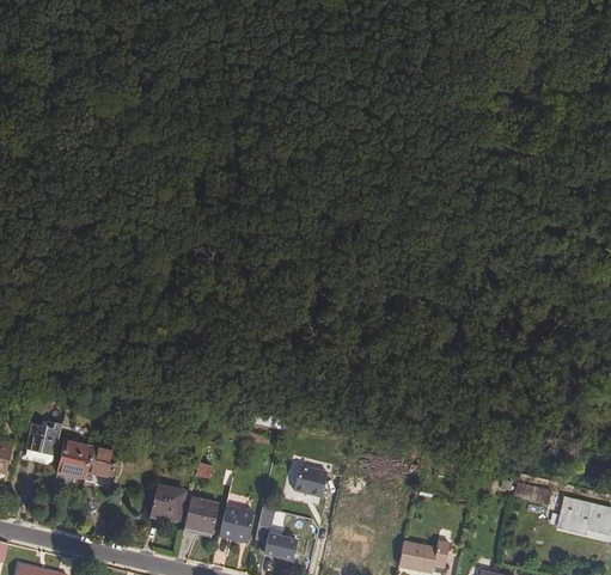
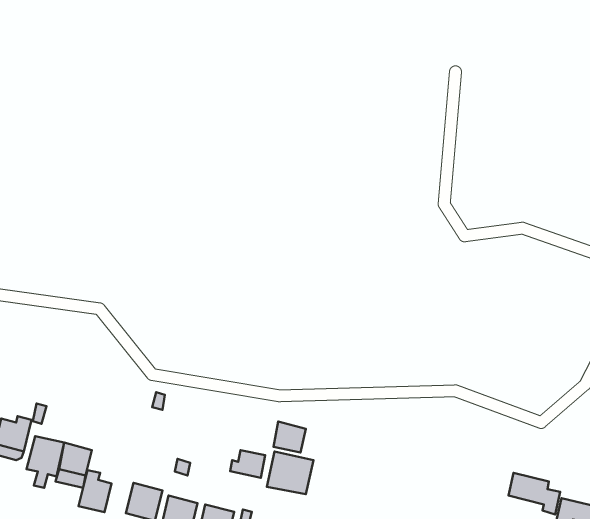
building: none -> [274,422,306,452]
building: none -> [230,450,265,478]
building: none -> [78,470,112,512]

